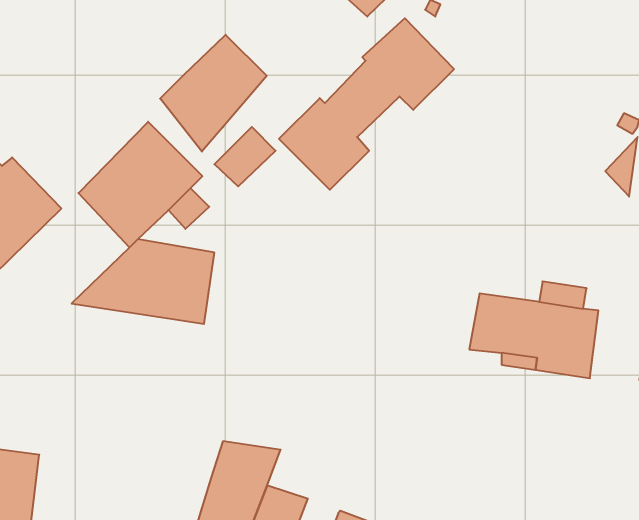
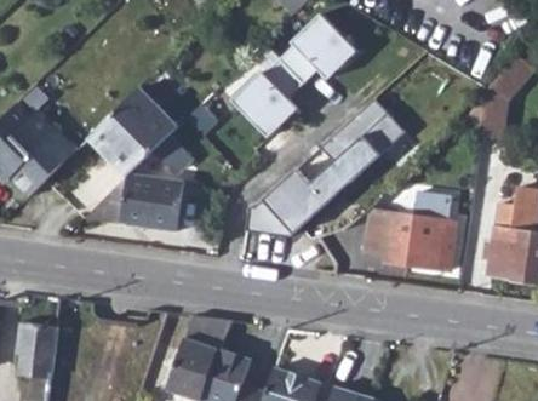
building: [160,35,267,152] -> none
building: none -> [244,101,402,236]

